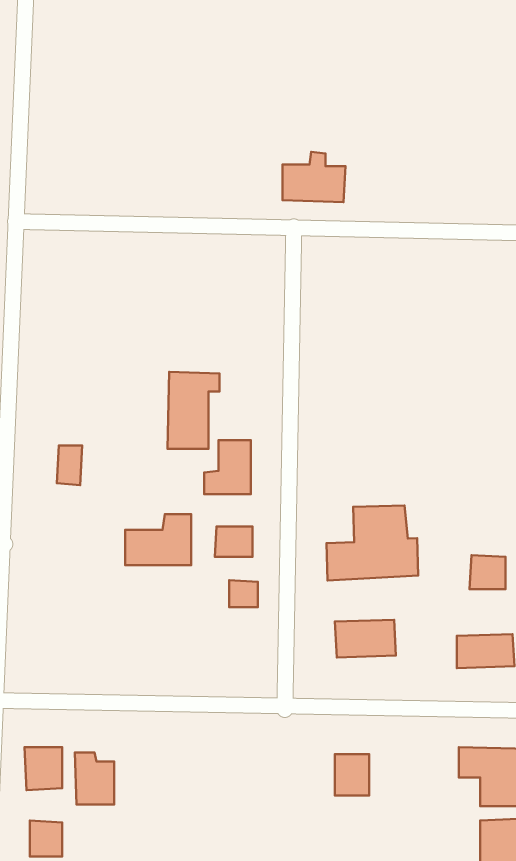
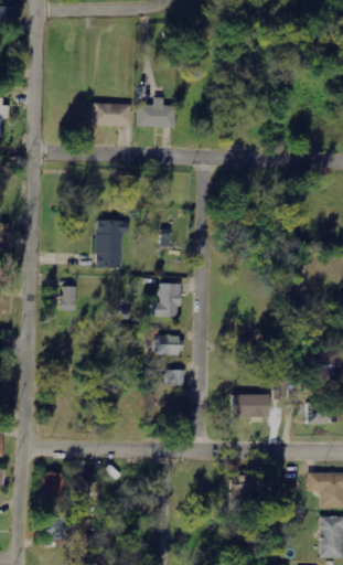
building: none -> [92,104,130,126]
building: [283,152,345,202] -> [136,97,174,128]
building: [167,372,219,449] -> [95,220,127,267]
building: [326,505,418,581] -> none
building: [125,514,191,565] -> none

